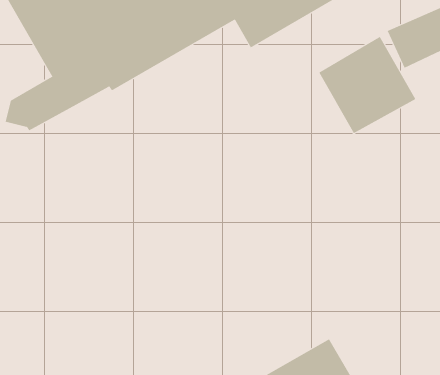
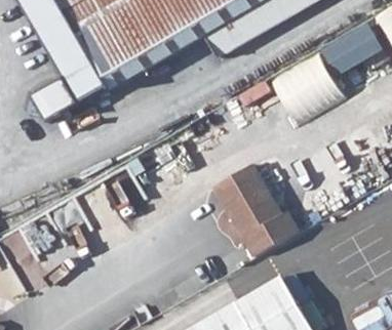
building: none -> [212,164,297,257]

